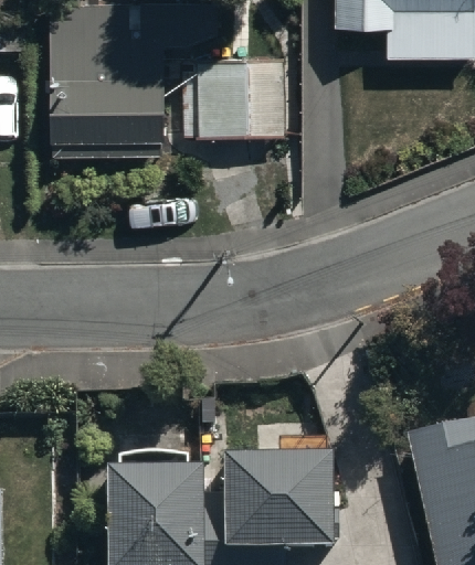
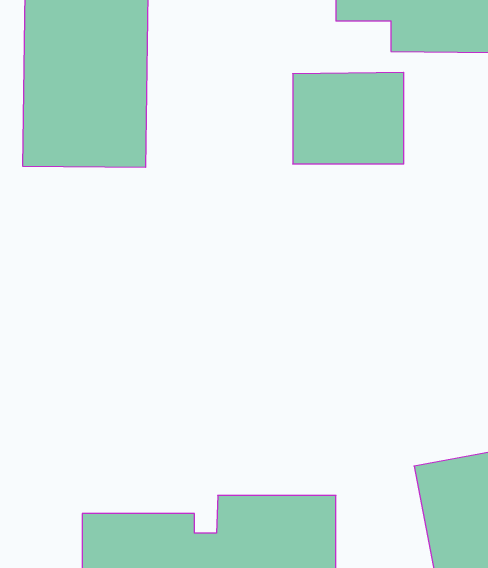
building: [184,52,285,135] -> [293,72,404,164]

